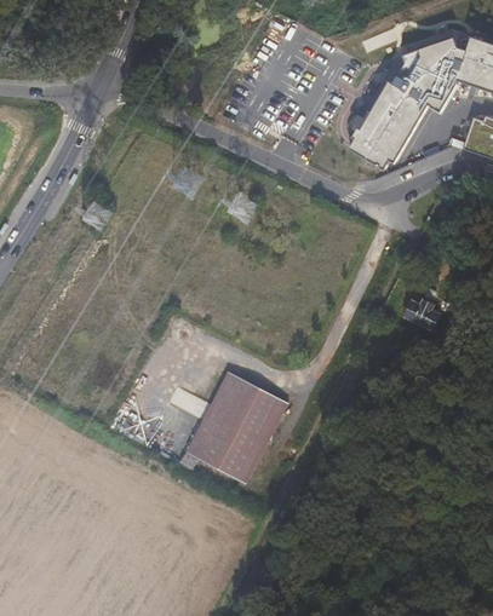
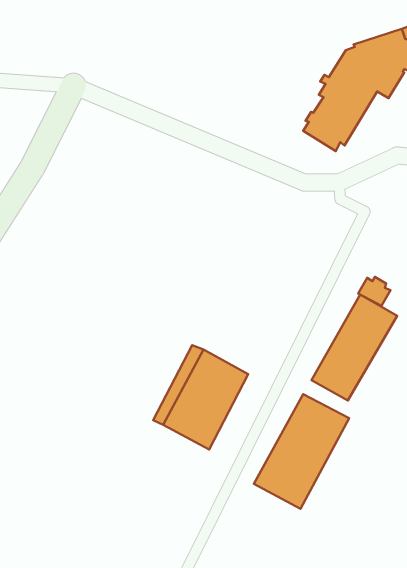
building: none -> [311,295,397,400]
building: none -> [254,394,349,509]

